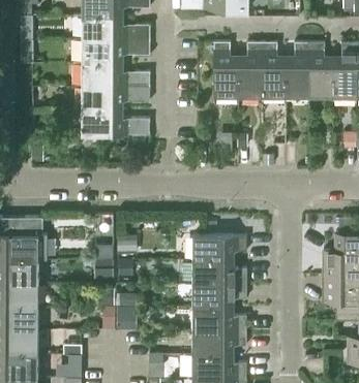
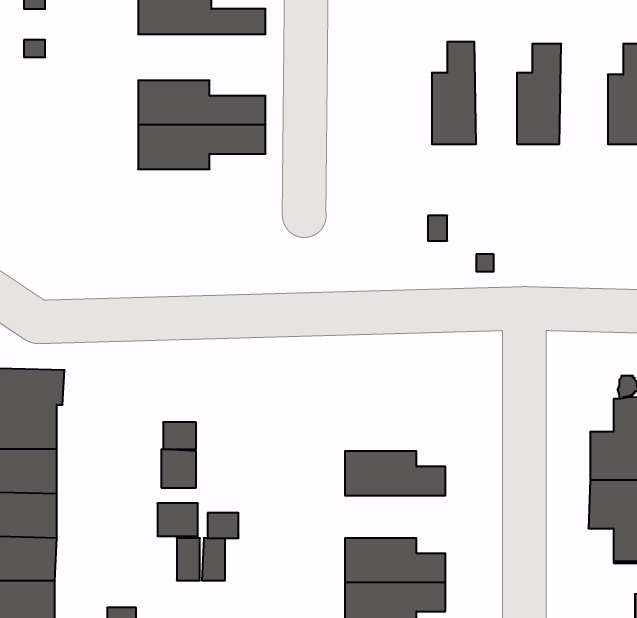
building: [82,38,150,63] -> none
building: [214,42,239,97] -> none
building: [262,42,285,97] -> none
building: [307,43,333,97] -> none
building: [82,110,150,135] -> none
building: [192,236,247,261] -> none
building: [192,285,246,308] -> none

